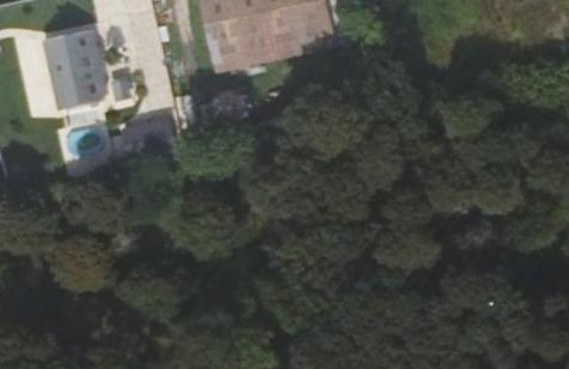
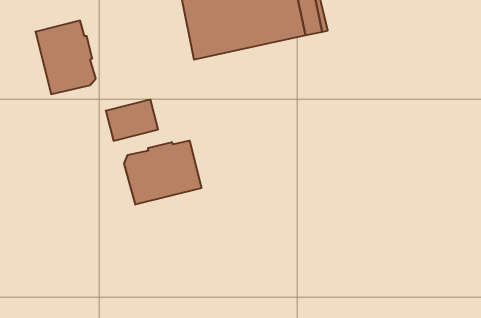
building: none -> [124,141,201,205]

